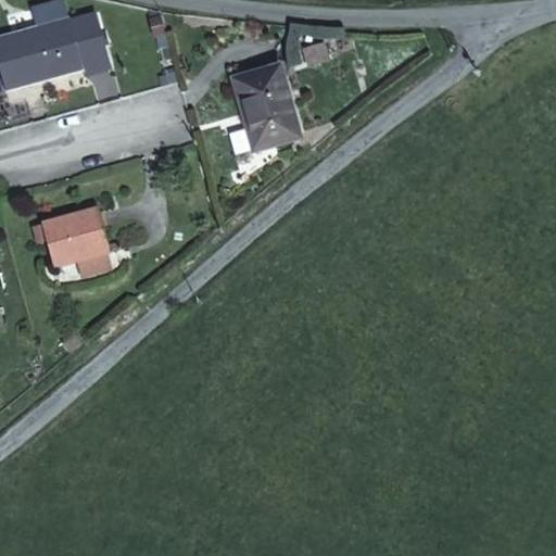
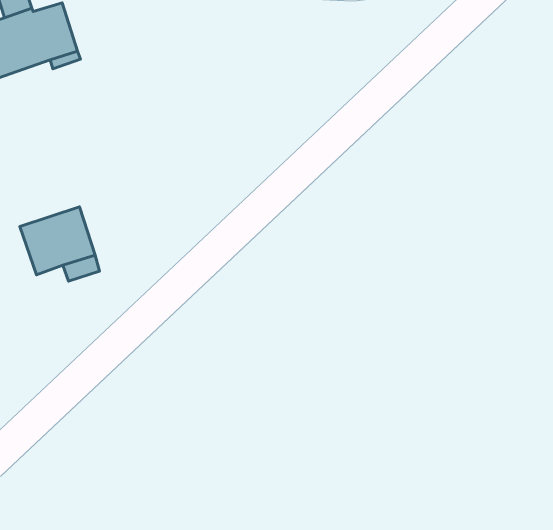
building: [235,66,300,151] -> none

